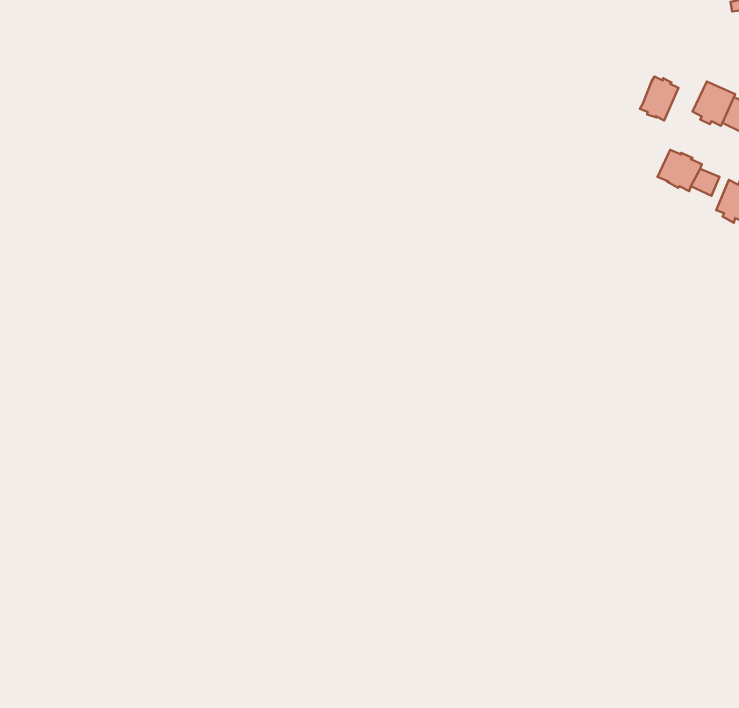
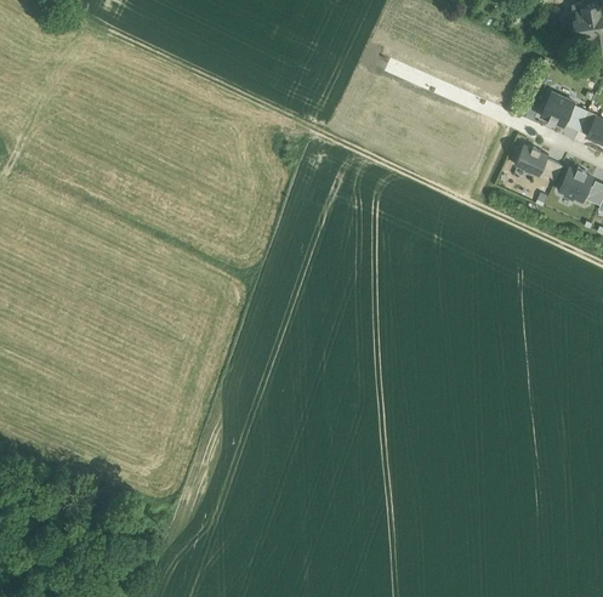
building: [640,76,679,120] -> none

